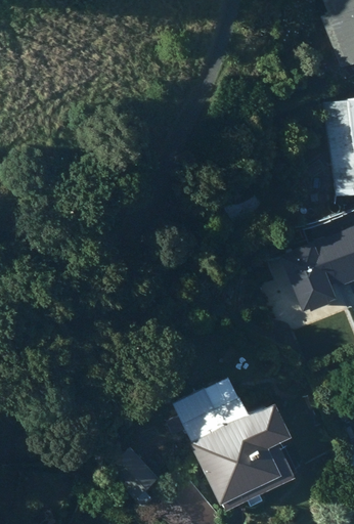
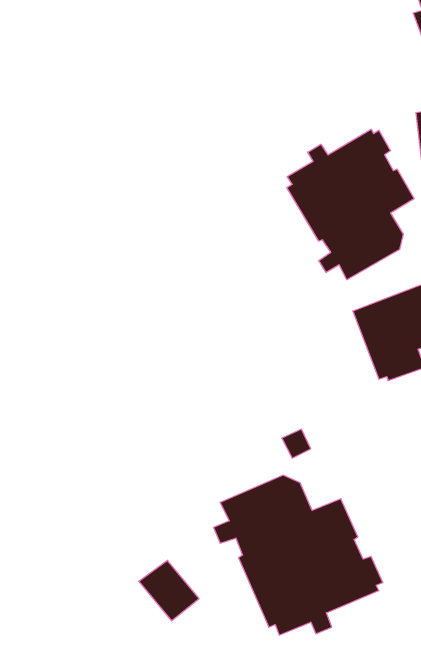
building: none -> [287,129,414,280]

